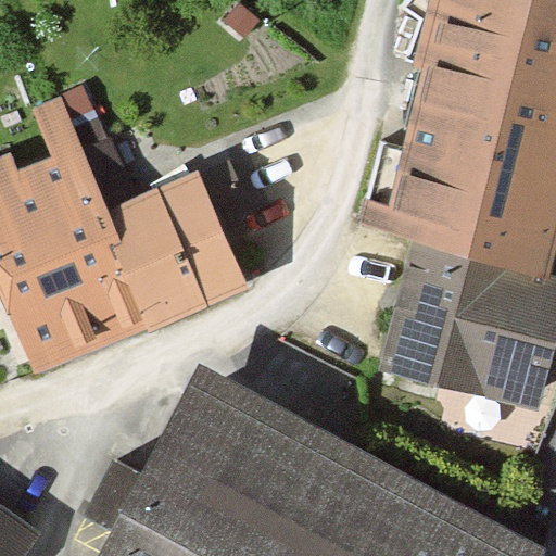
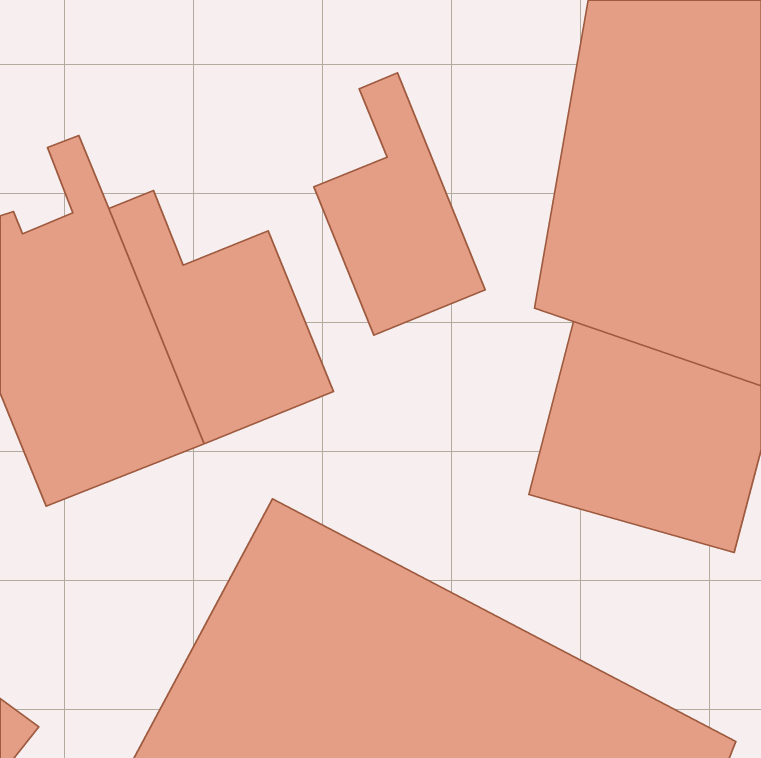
building: none -> [314,73,485,335]

